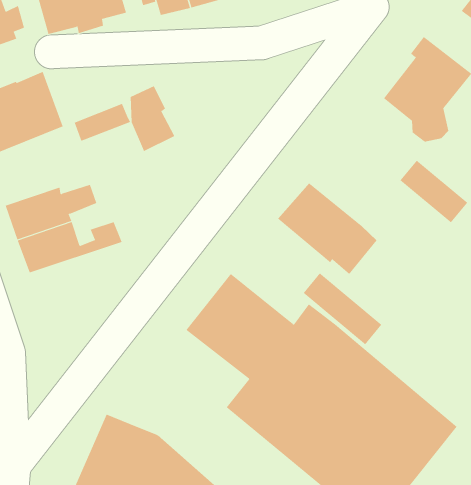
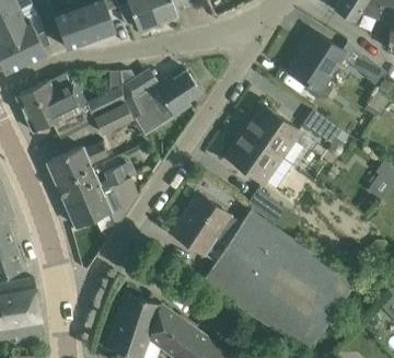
building: none -> [144,70,201,116]
building: none -> [93,101,134,134]
building: none -> [244,104,299,155]
building: none -> [67,180,131,227]

